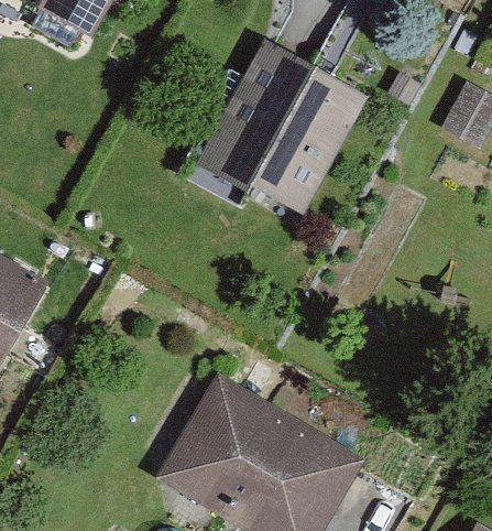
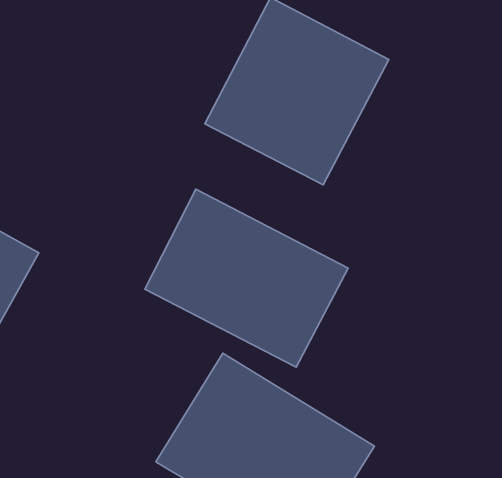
building: none -> [145,189,348,367]

